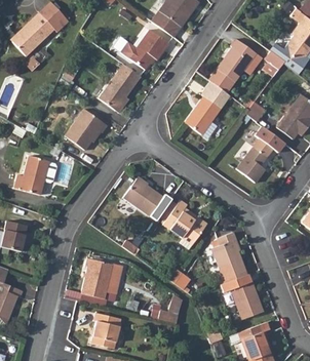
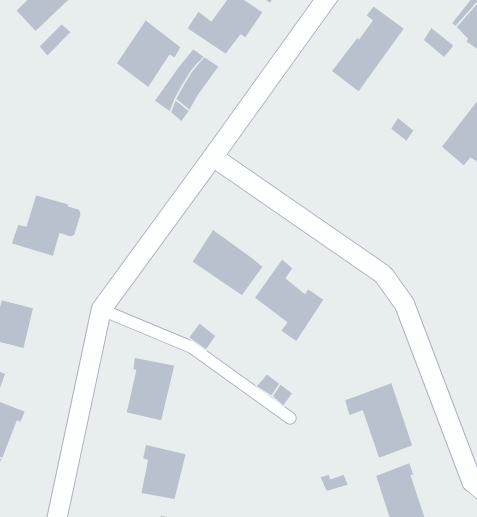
building: [189,85,224,137] -> none
building: [67,107,108,150] -> [116,19,181,88]
building: [237,126,285,183] -> none
building: [212,230,247,284] -> none
building: [153,295,185,322] -> none

